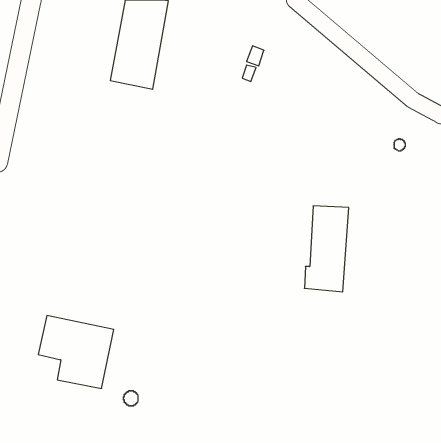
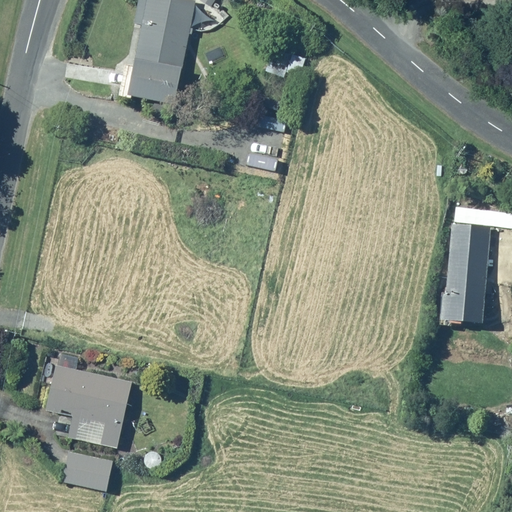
building: [304,206,349,292] -> [439,223,490,322]
building: none -> [60,452,116,493]

